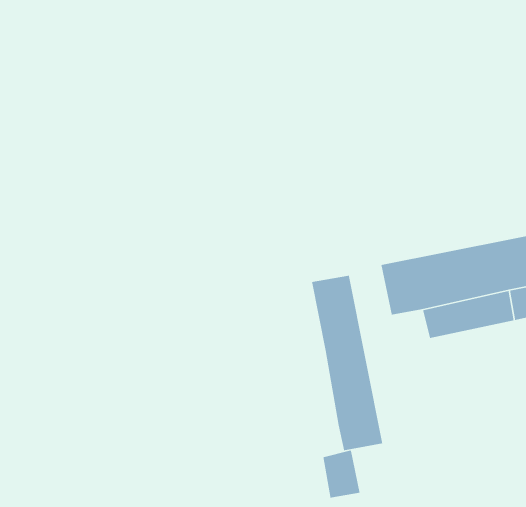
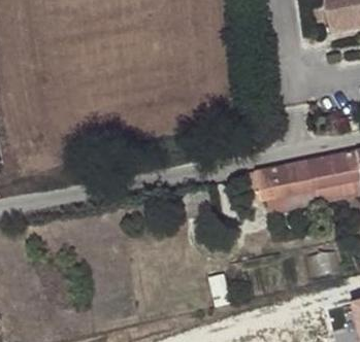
building: [311,275,383,451] -> none

